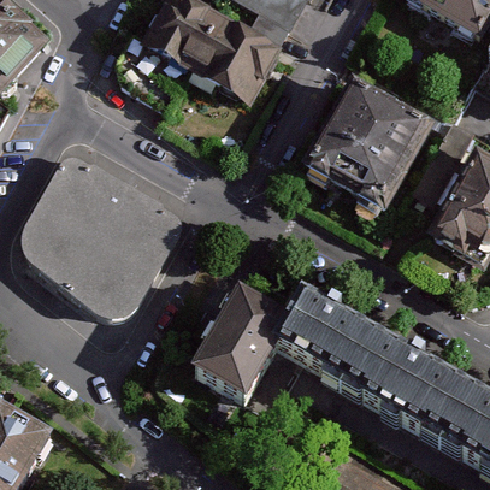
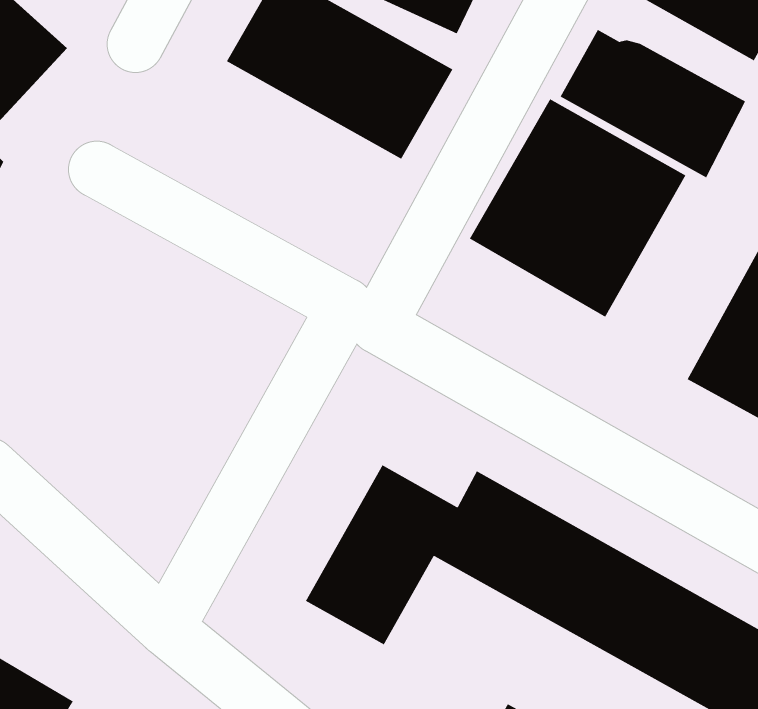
building: none -> [560,29,746,179]
building: [17,154,178,317] -> none

